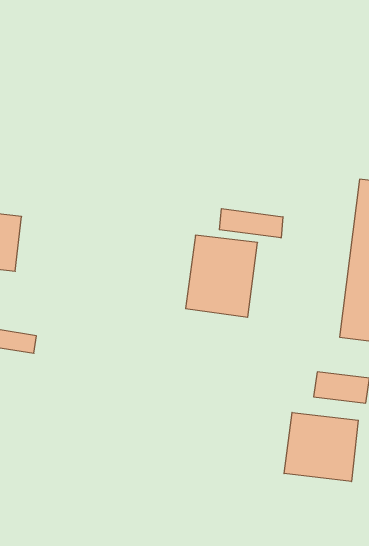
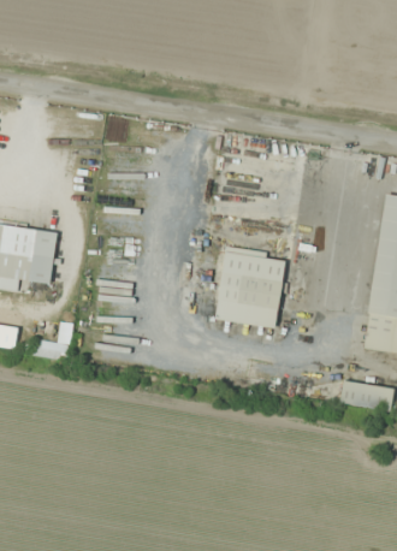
building: [219,209,283,238] -> none
building: [284,412,358,482] -> none

